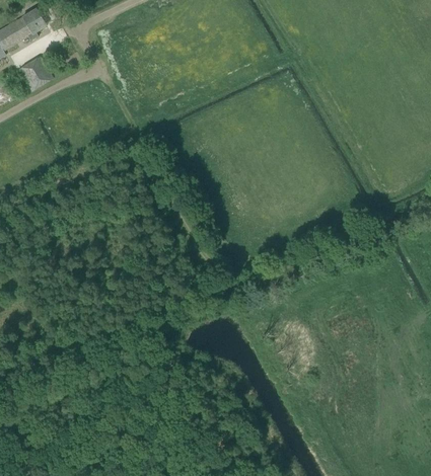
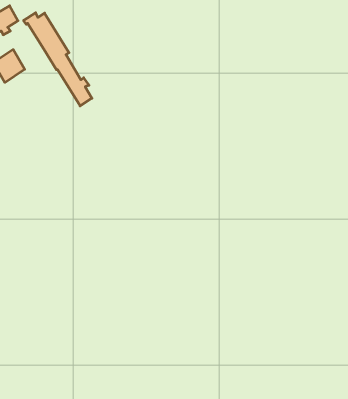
building: none -> [24,13,92,106]

